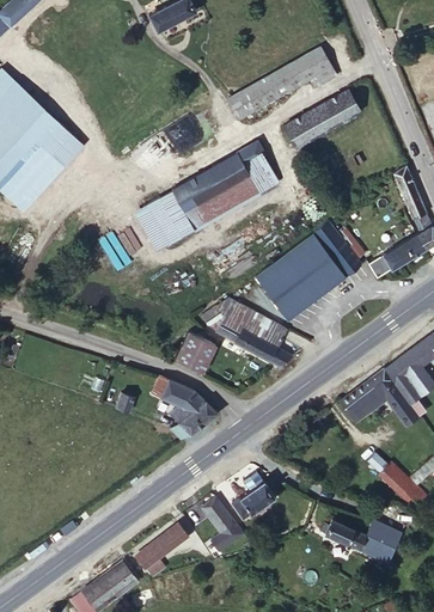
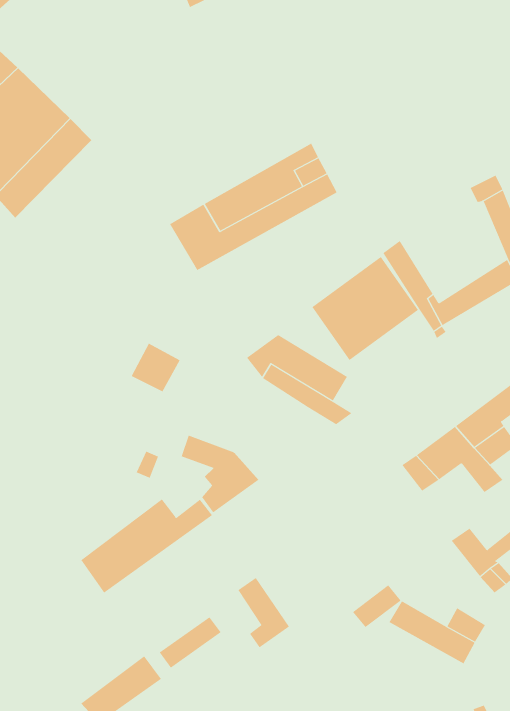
building: [230,47,340,117] -> none
building: [286,88,363,148] -> none
building: [173,333,214,374] -> [131,343,180,392]
building: none -> [80,498,213,593]
building: [228,483,269,519] -> [352,584,401,628]

